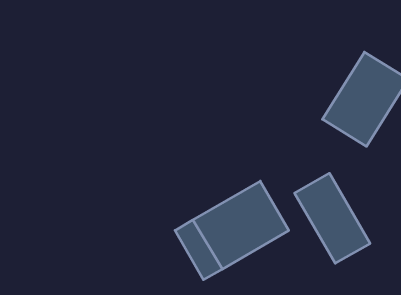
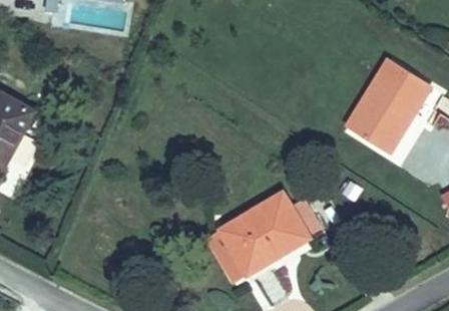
building: [295,173,370,263] -> none

